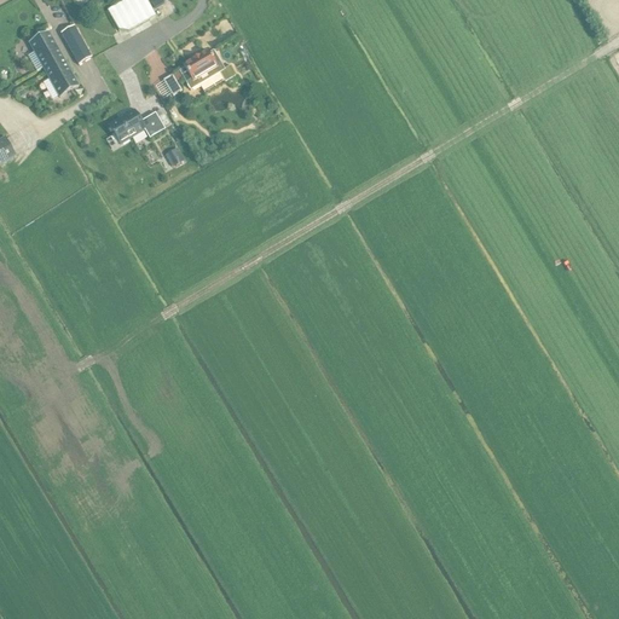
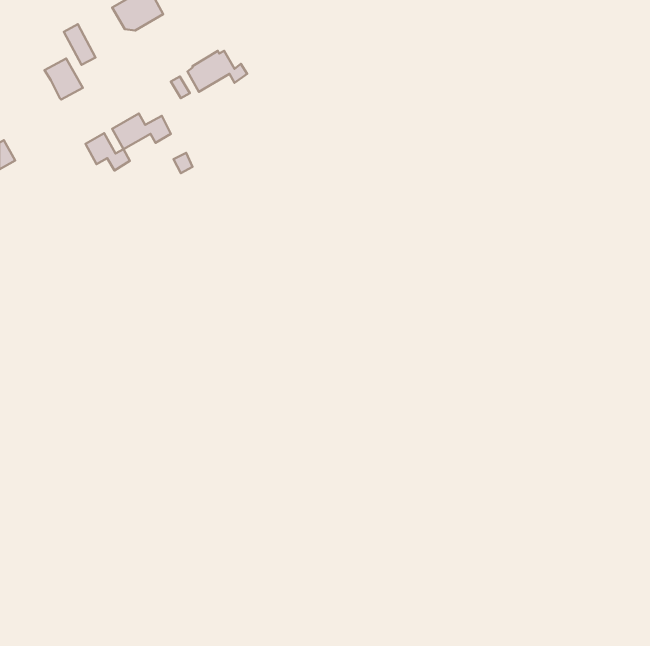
building: [28,29,63,66] -> none
building: none -> [85,133,130,170]

